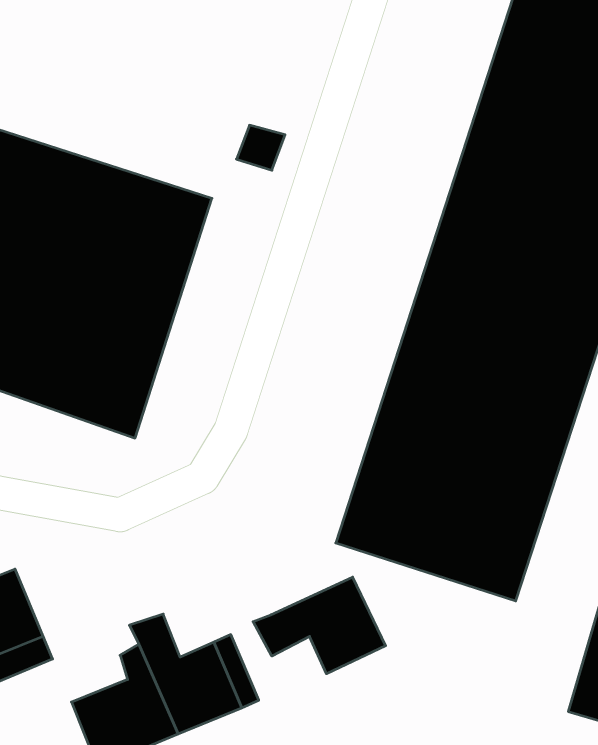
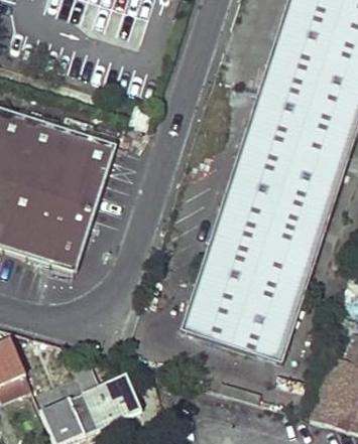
building: [253,577,386,674] -> none

